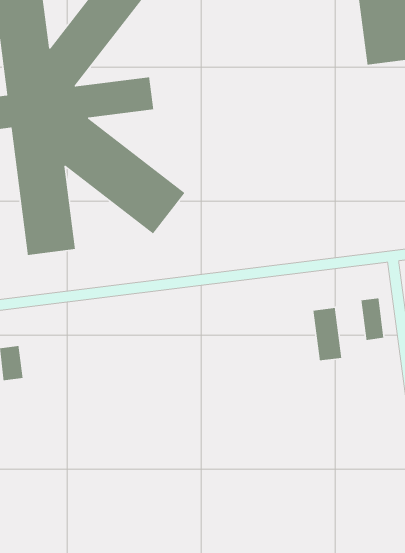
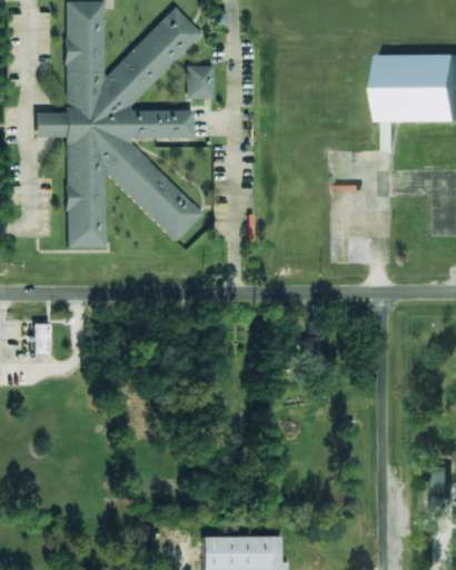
building: none -> [187,67,211,98]
building: [361,297,384,341] -> none

